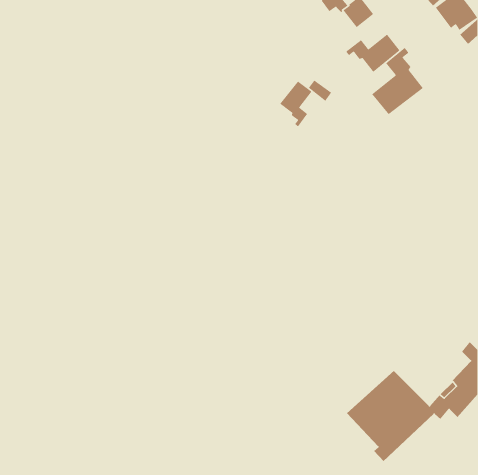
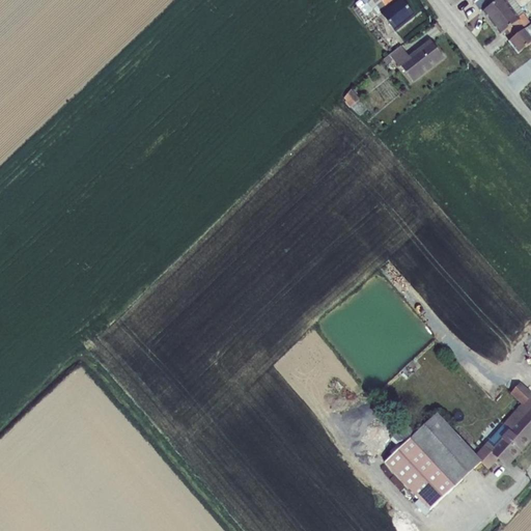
building: [371,47,424,115] -> none
building: [279,81,312,127] -> none

